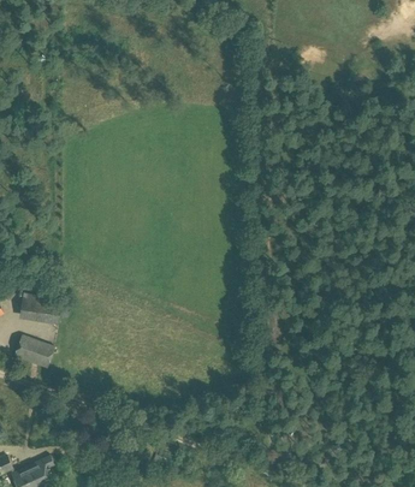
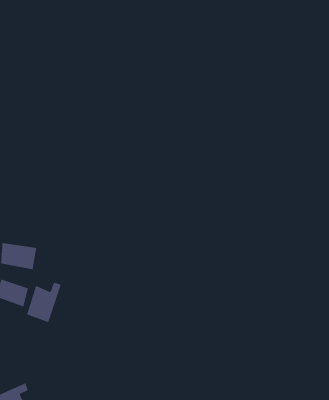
building: none -> [26,282,62,323]

